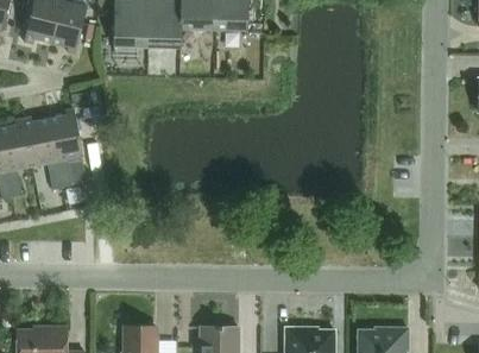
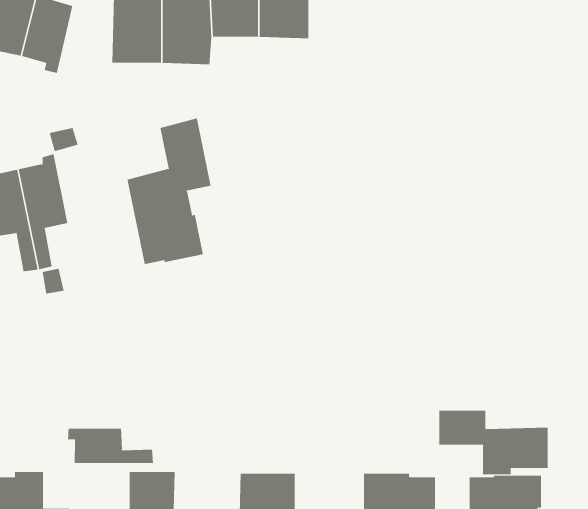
building: none -> [127,118,211,265]
building: none -> [439,410,548,475]
building: none -> [68,428,153,464]

